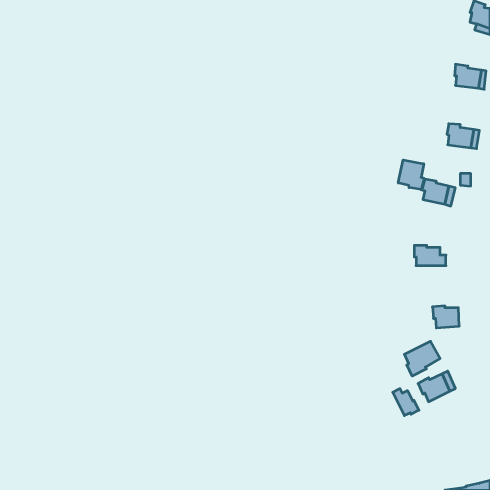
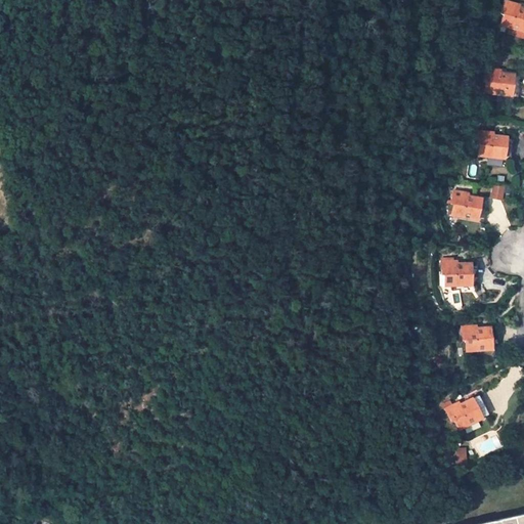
building: [398,160,424,190] -> none
building: [404,341,440,376] -> none
building: [393,389,419,416] -> none

